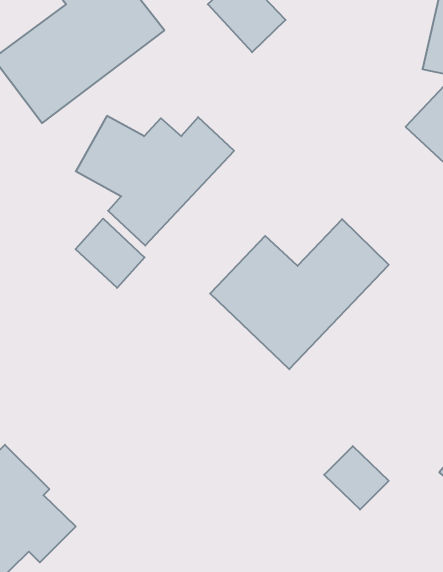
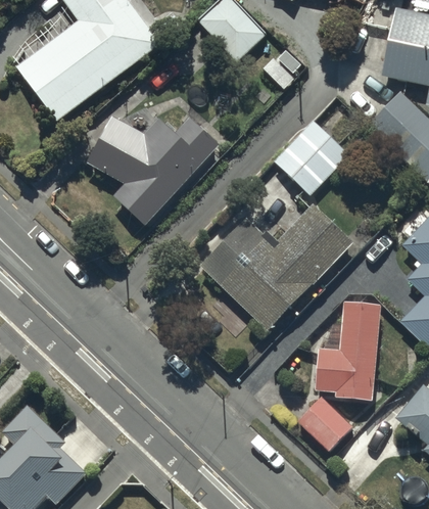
building: none -> [273,119,348,194]
building: [76,219,145,288] -> none
building: none -> [316,304,380,402]

